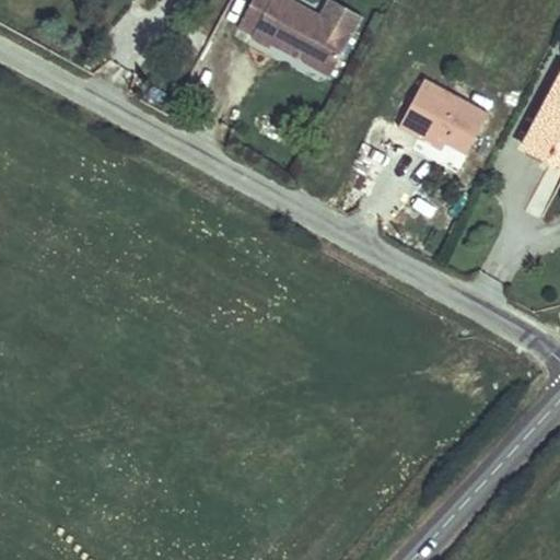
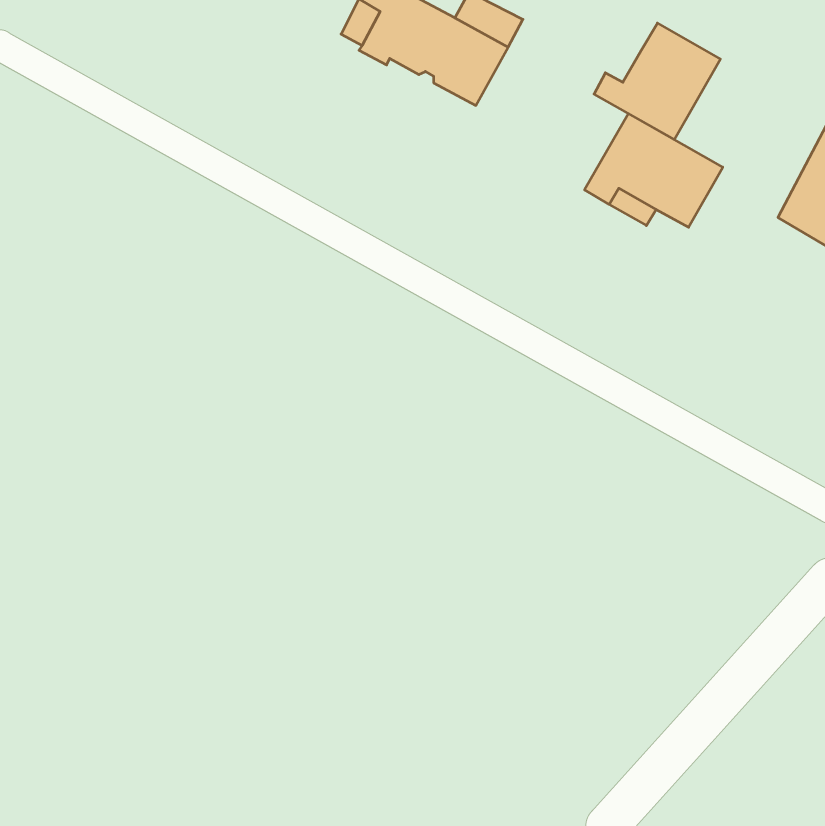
building: none -> [594,23,720,140]

